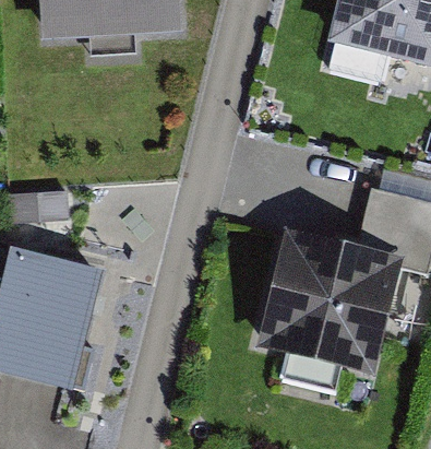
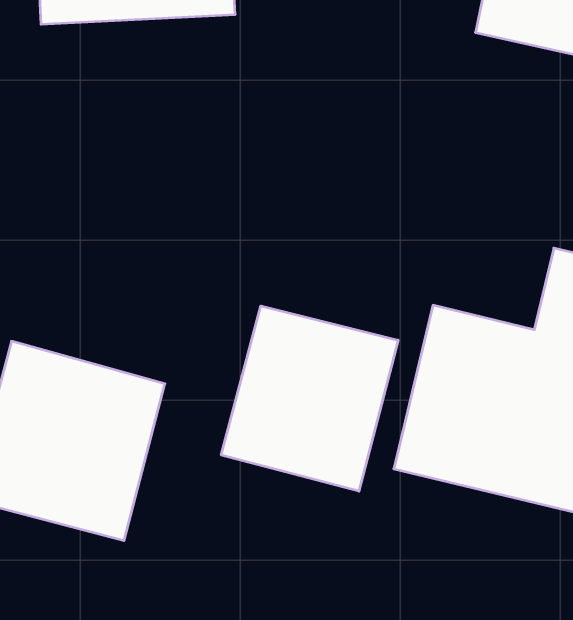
building: none -> [221,306,398,491]

